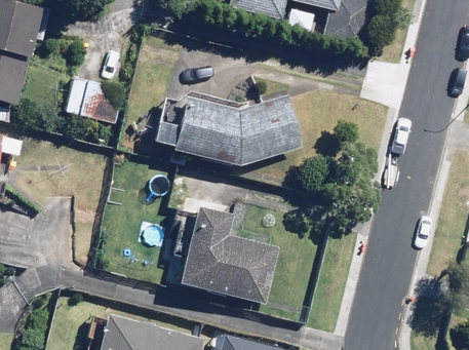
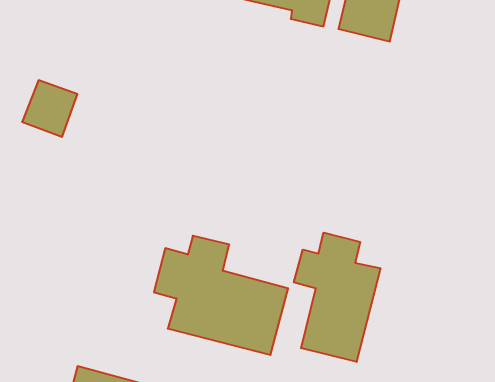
building: [174,96,304,165] -> none
building: none -> [294,233,381,362]

